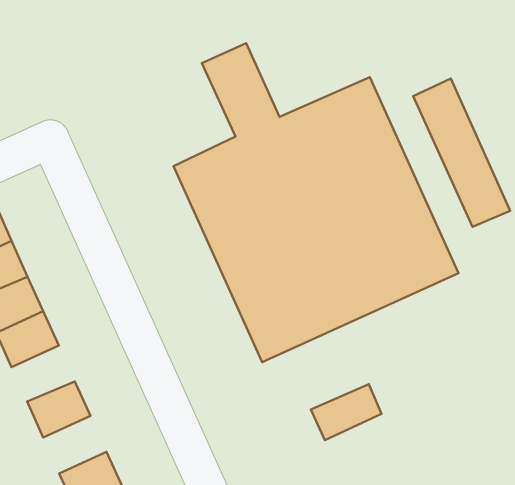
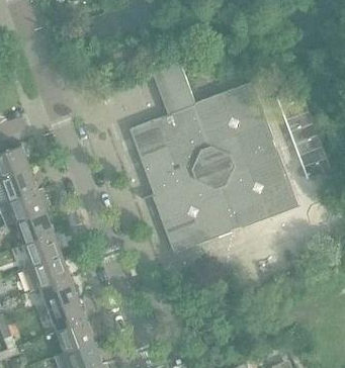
building: none -> [23,233,61,265]
building: [311,384,381,440] -> none
building: none -> [39,276,77,309]

